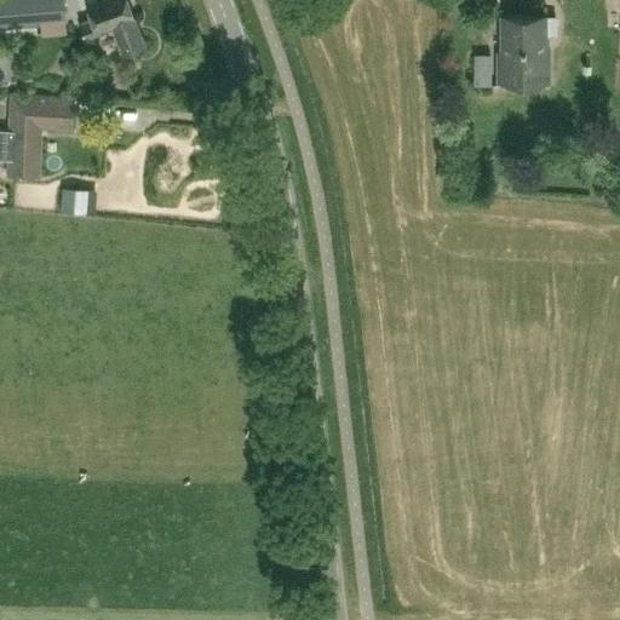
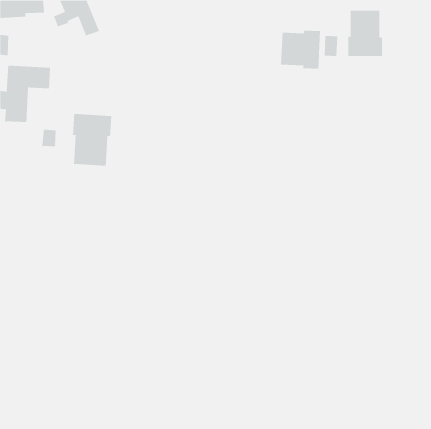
building: none -> [281,30,320,70]
building: none -> [73,113,112,166]

